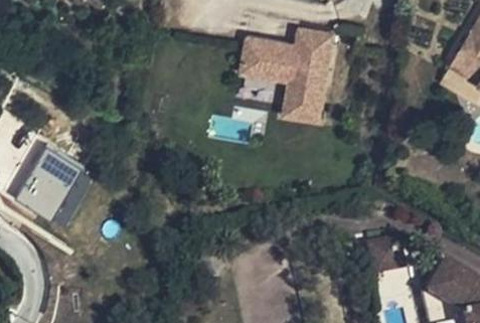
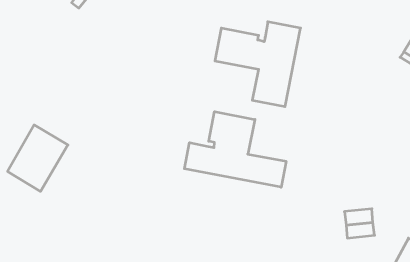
building: none -> [184,112,286,187]

